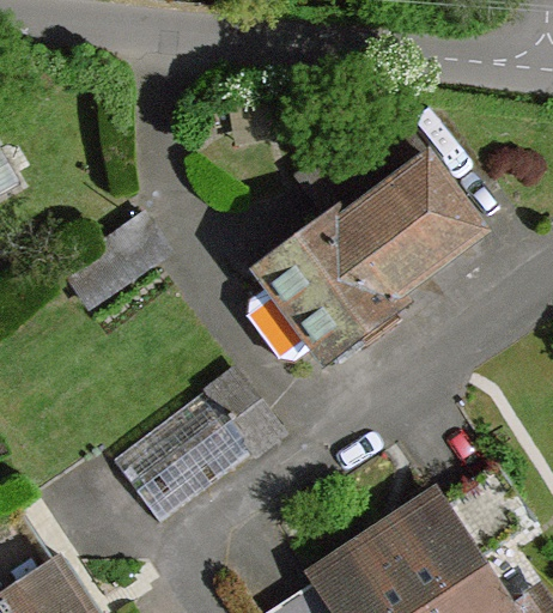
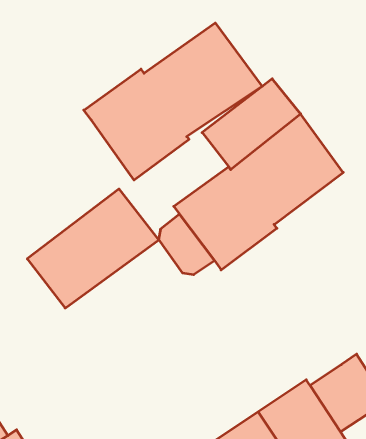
building: none -> [84,23,262,180]
building: [113,371,279,522] -> [27,189,159,308]

